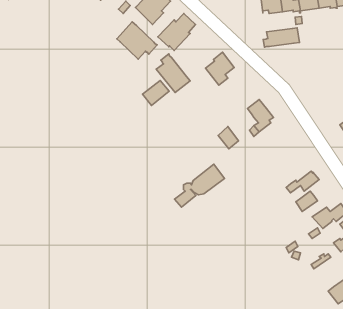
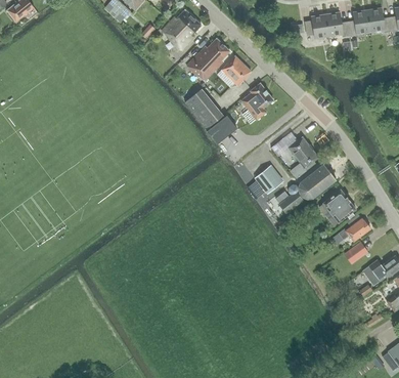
building: [117,22,157,59] -> none
building: [263,28,300,47] -> none
building: none -> [221,55,251,85]
building: [142,81,169,106] -> [206,115,236,143]
building: none -> [319,188,355,224]
building: [174,164,225,207] -> [278,163,336,212]

